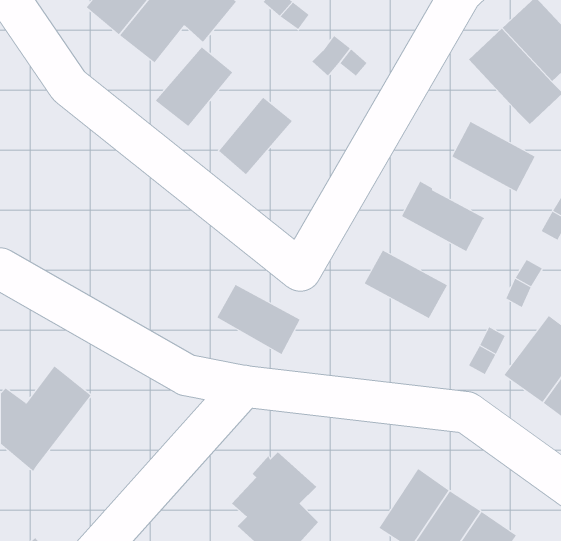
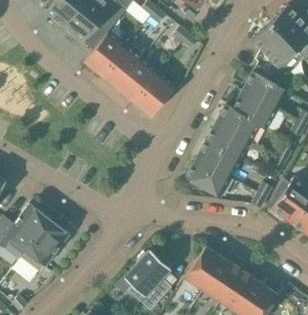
building: none -> [102,46,142,88]
building: none -> [133,72,175,115]
building: none -> [233,91,278,129]
building: none -> [206,123,251,160]
building: [217,284,300,355] -> [186,159,231,197]
building: none -> [21,219,70,272]
building: none -> [185,246,225,290]

